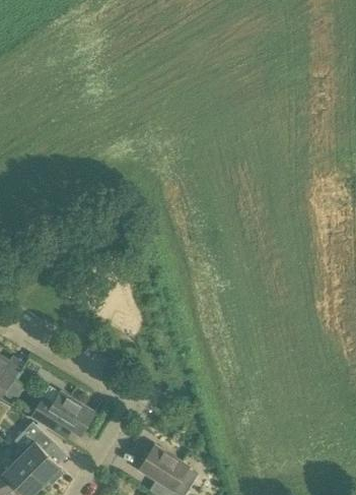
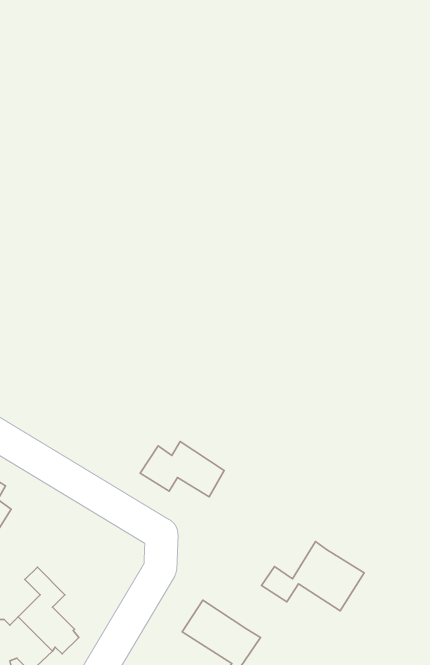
building: [29,394,91,435] -> [140,442,224,497]
building: none -> [261,542,364,611]

